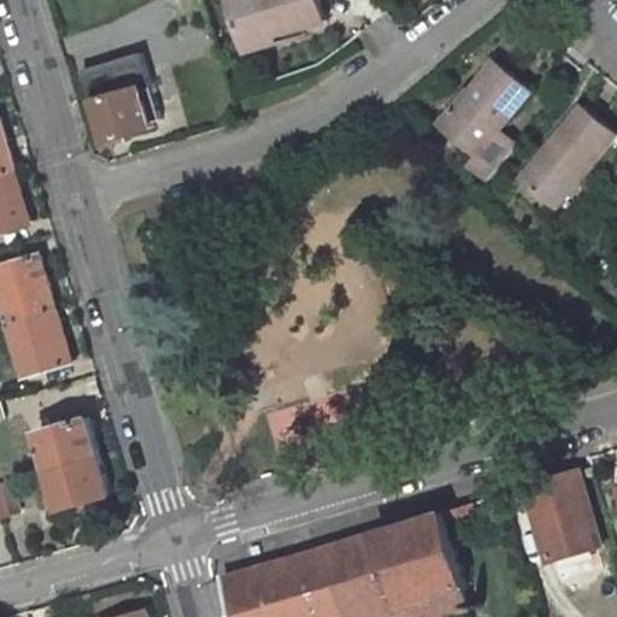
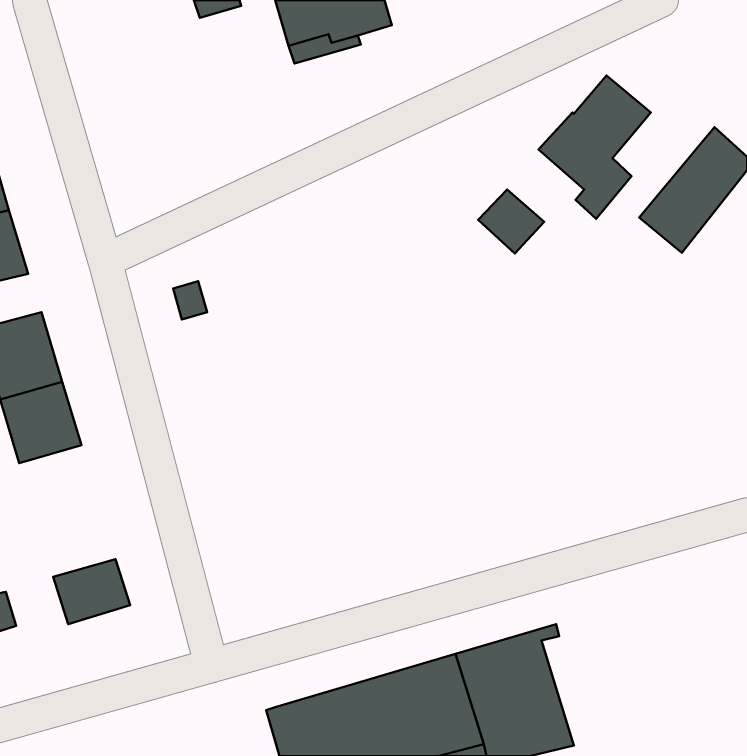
building: [74,53,157,140] -> none
building: none -> [478,189,544,254]
building: [31,418,94,470] -> none
building: [519,472,595,562] -> none

